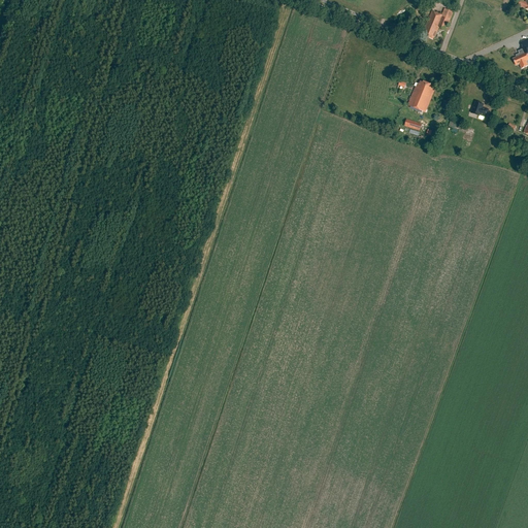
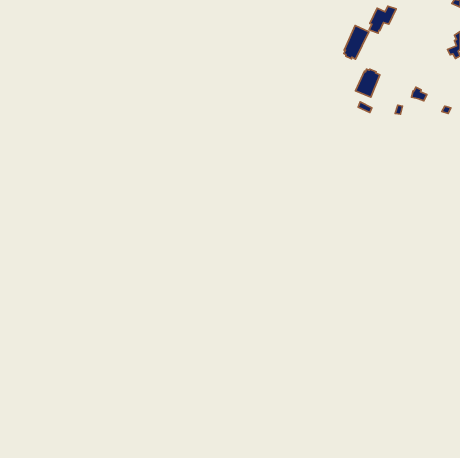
building: none -> [344,26,369,59]

